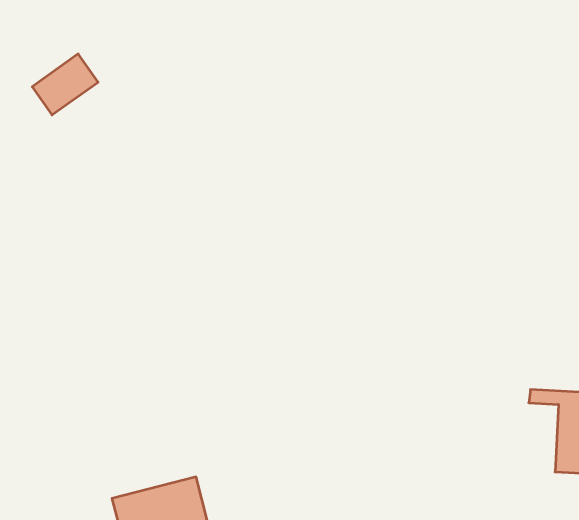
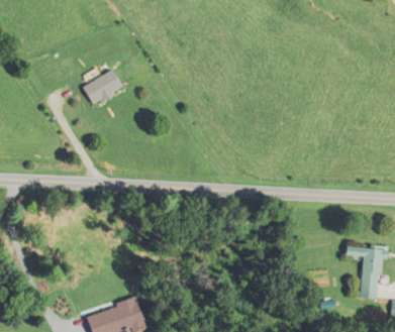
building: [32,54,98,115] -> [87,69,127,106]

